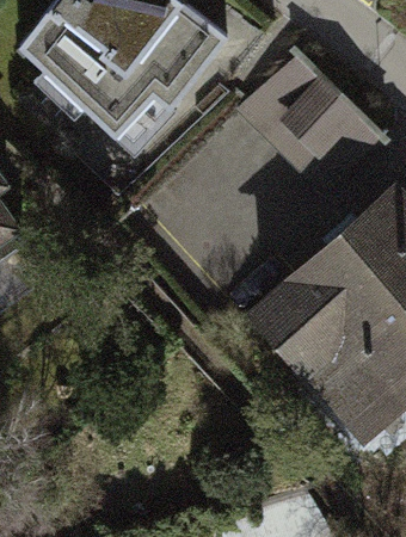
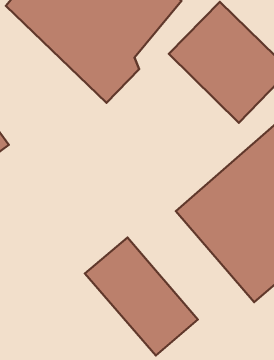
building: none -> [85,237,198,356]

